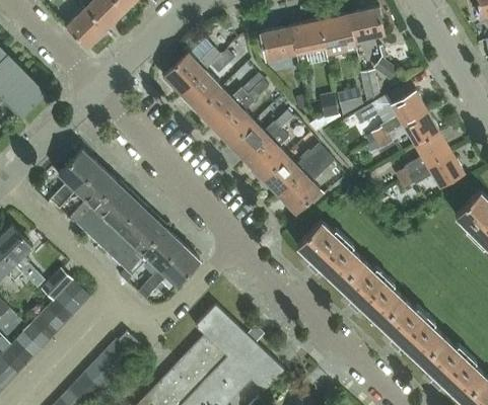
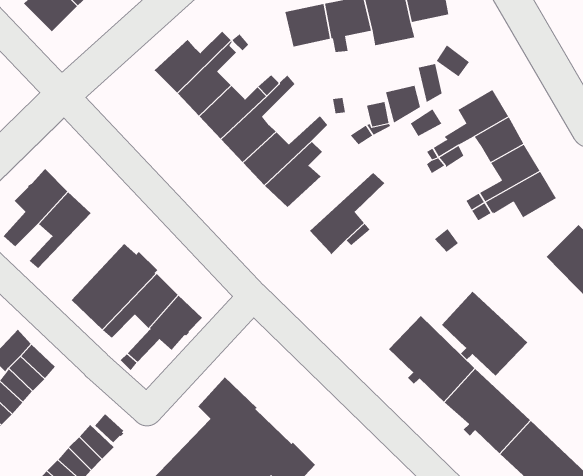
building: [262,144,326,196] -> none
building: [76,181,140,248] -> none
building: [296,221,361,285] -> [441,291,528,377]

